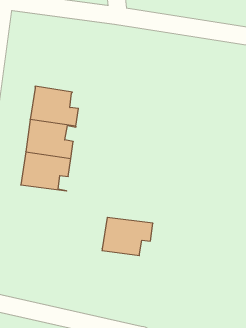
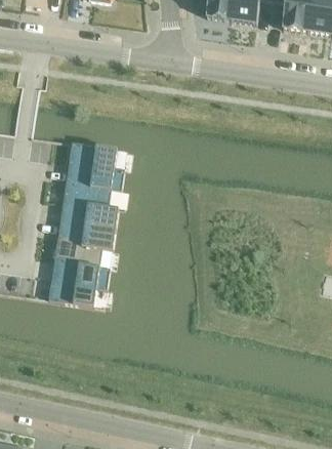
building: [102,217,153,256] -> [48,260,110,307]

